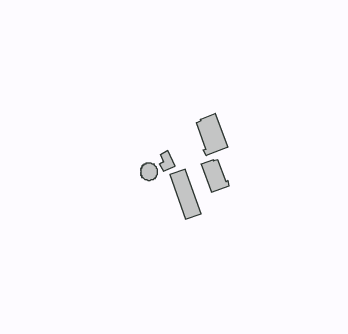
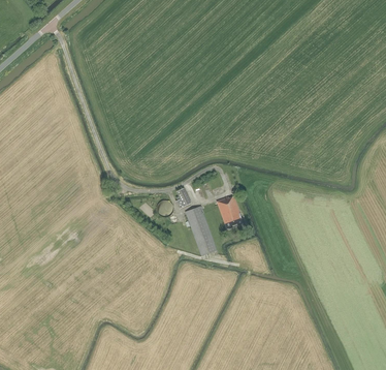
building: [196,113,228,156] -> none

